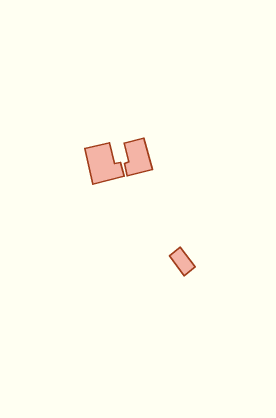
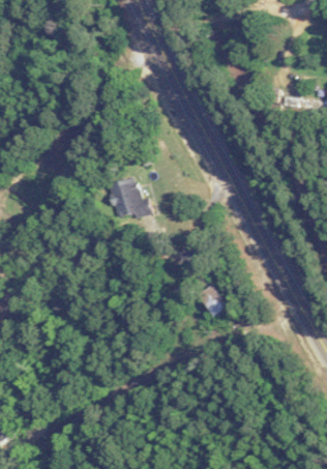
building: [124,138,152,176] -> none

